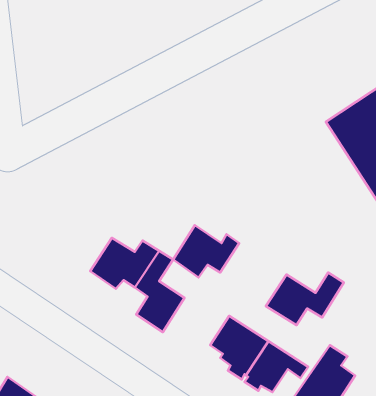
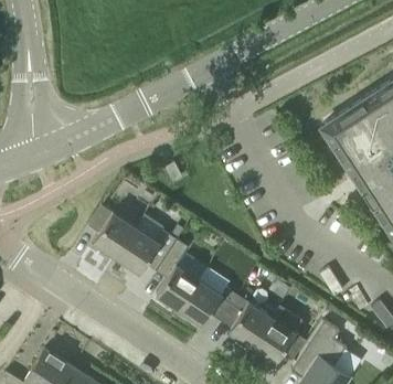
building: none -> [88,204,136,256]
building: [173,225,239,277] -> [180,279,237,324]
building: [266,272,344,325] -> none

